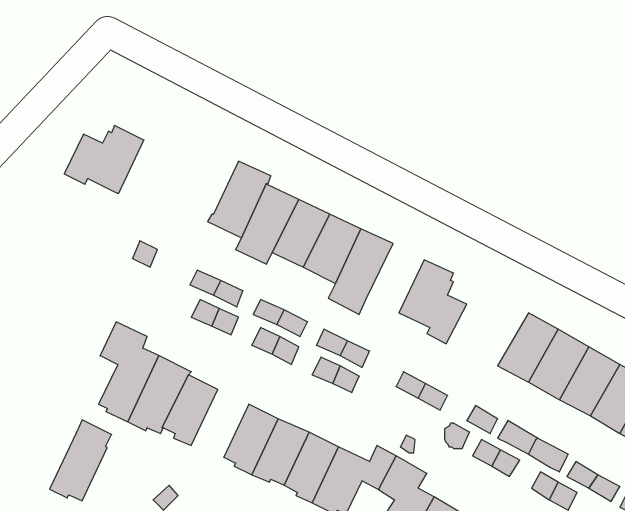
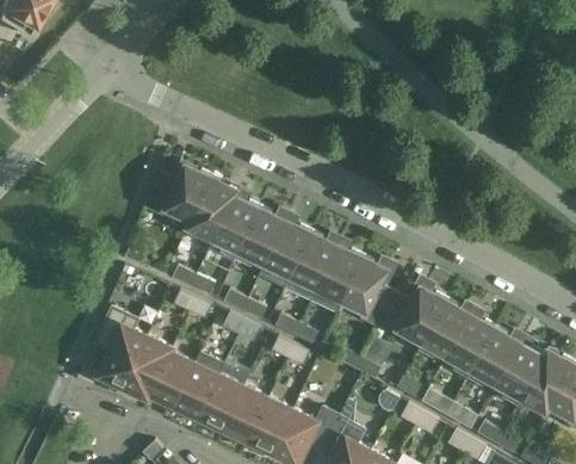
building: [64,125,144,193] -> [147,166,211,221]
building: none -> [309,245,361,314]
building: none -> [379,287,446,344]
building: [50,420,112,501] -> [173,352,223,417]

